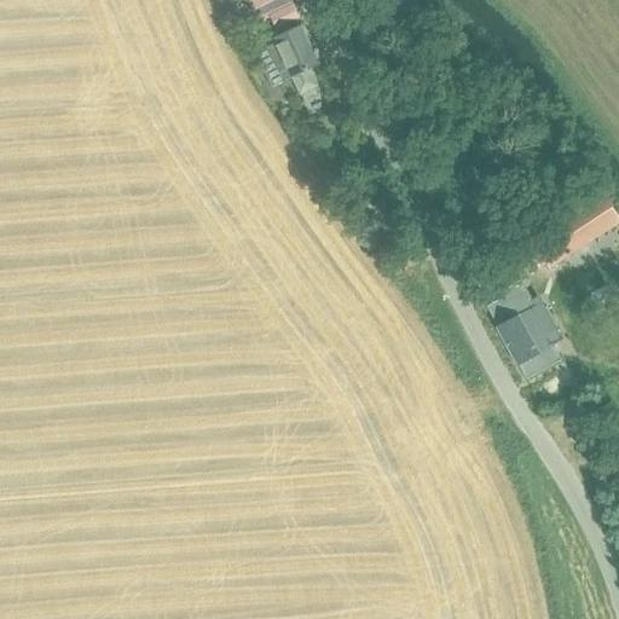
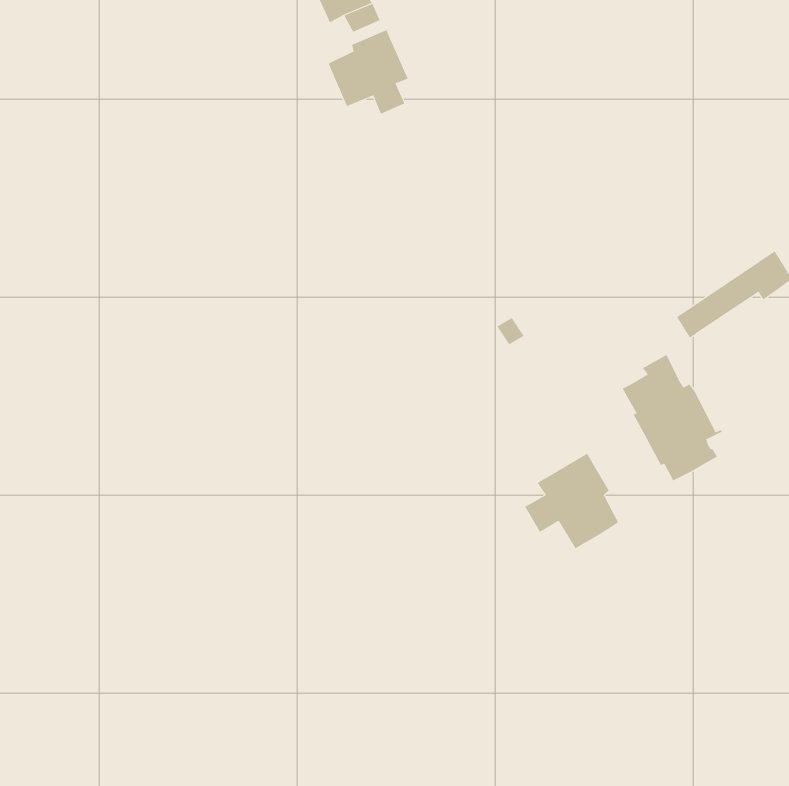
building: none -> [524,453,619,549]

